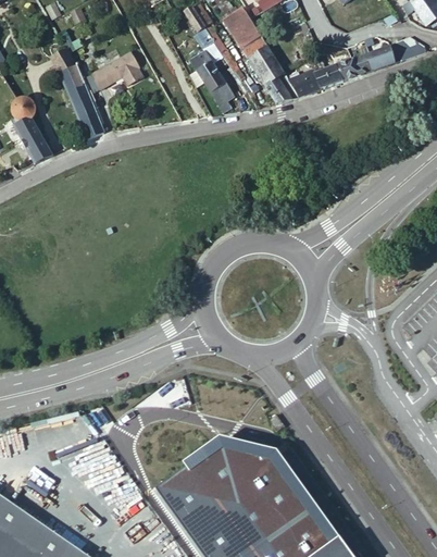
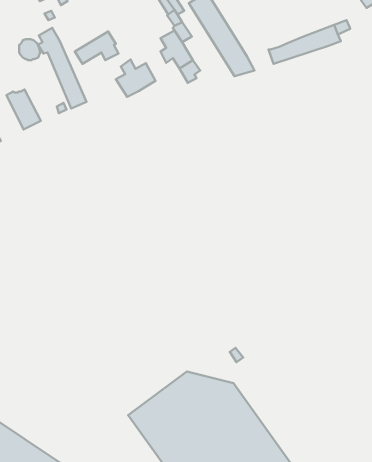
building: [287,67,320,97] -> none
building: none -> [116,59,155,97]
building: [13,98,37,122] -> [19,39,40,60]

